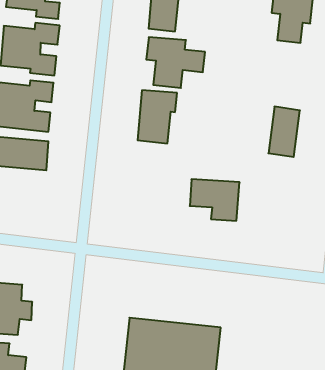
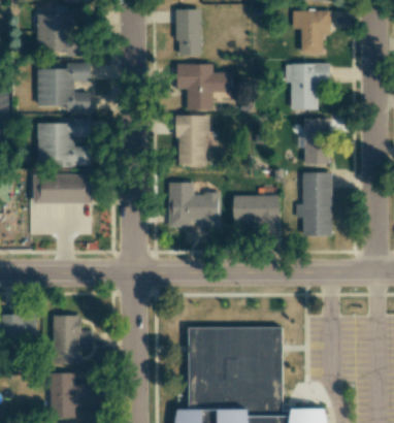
building: none -> [286,63,330,109]
building: none -> [169,182,221,227]
building: none -> [296,172,332,236]

